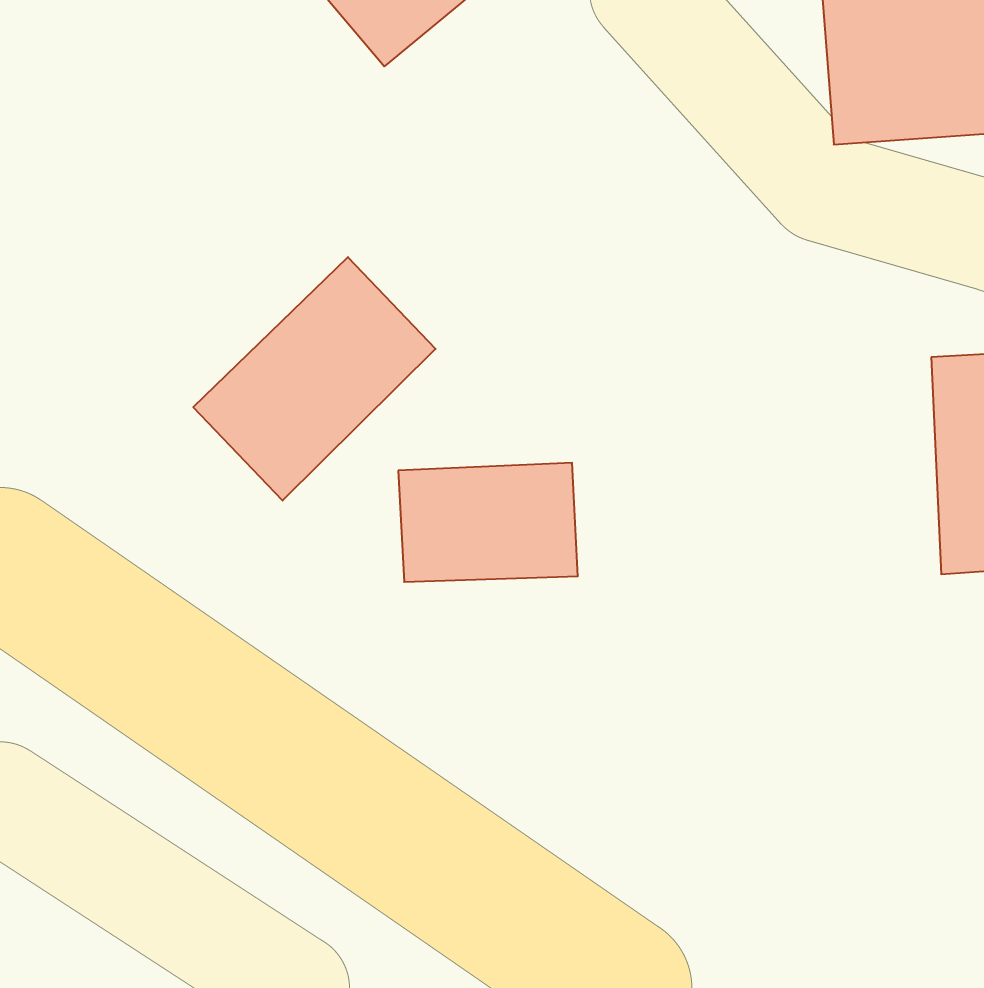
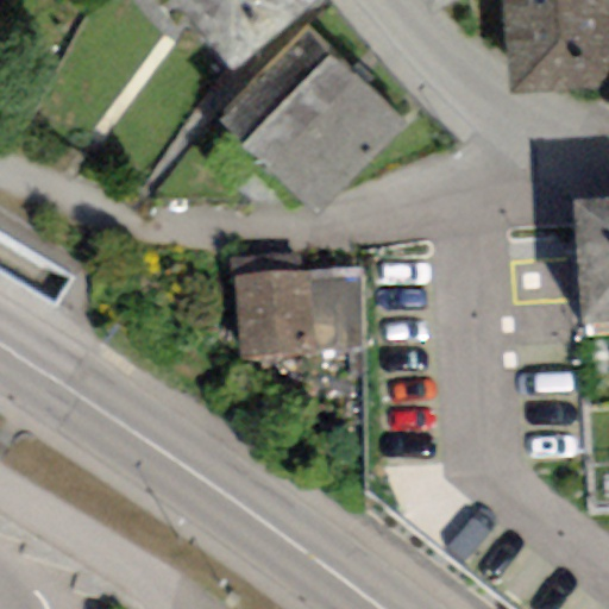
building: none -> [237,30,396,188]
building: [193,257,436,501] -> none

